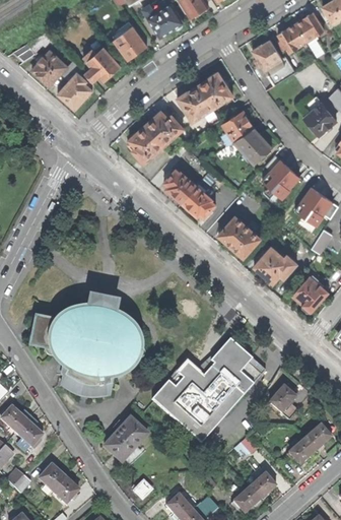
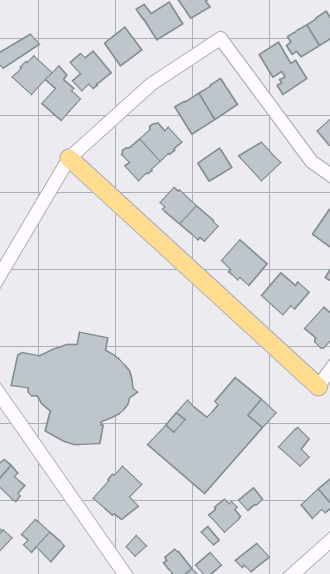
building: [223,111,254,140] -> [198,148,232,181]
building: [264,159,304,200] -> none
building: [247,469,275,499] -> [209,499,241,532]

